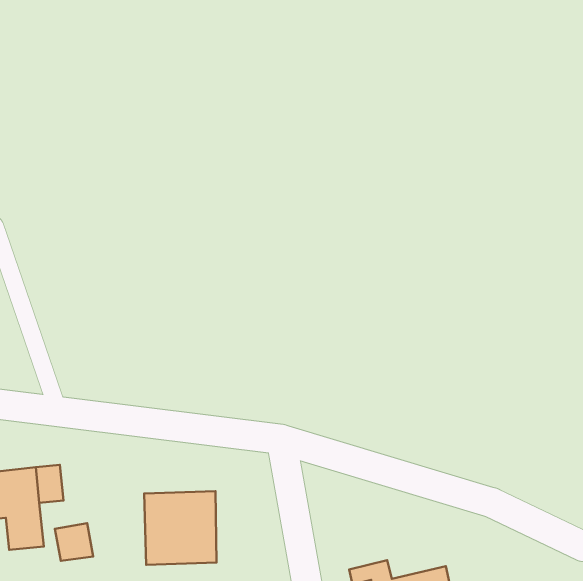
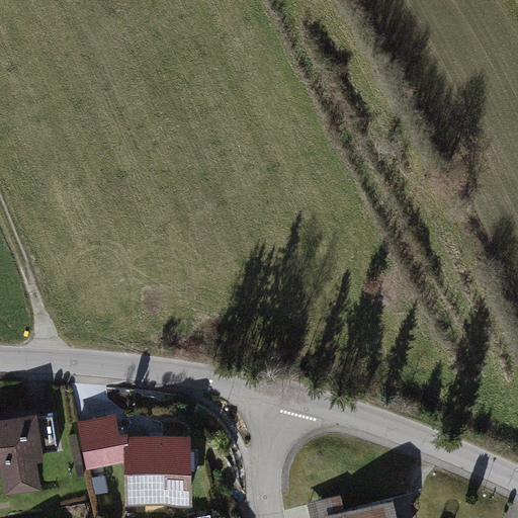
building: [55,523,93,561] -> [75,419,108,452]

